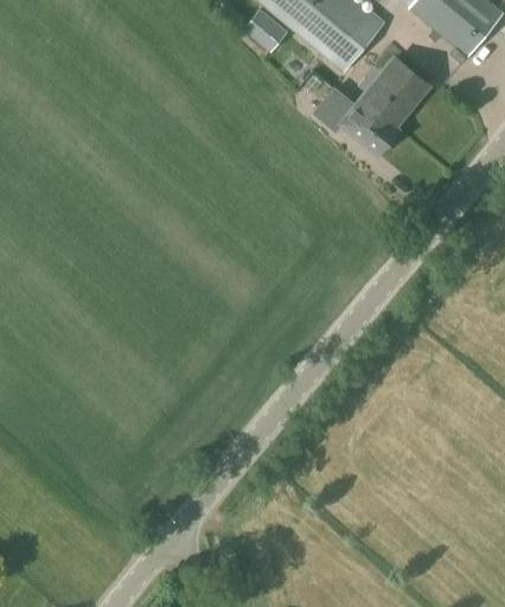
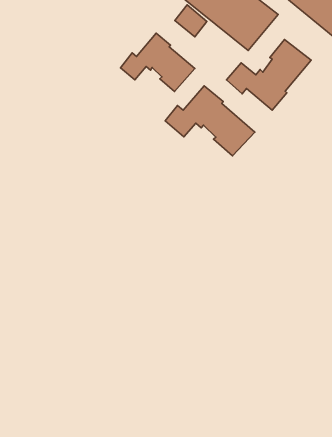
building: none -> [120,33,195,91]
building: none -> [165,86,255,156]

